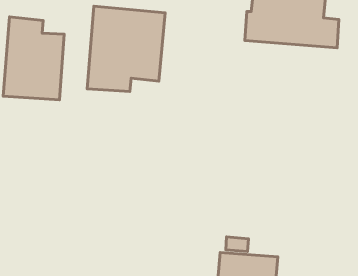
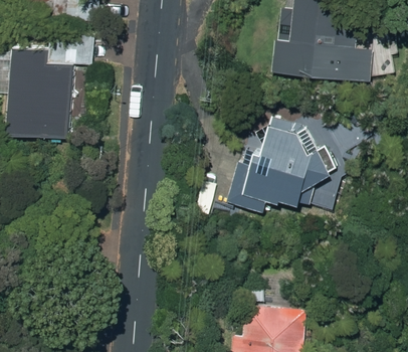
building: [87,6,165,91] -> none
building: none -> [227,117,332,215]

